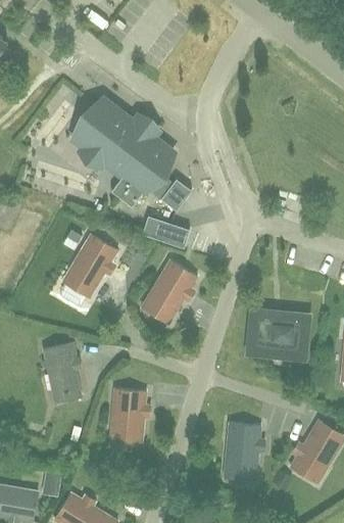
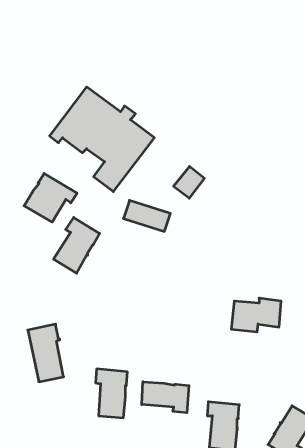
building: [159,179,191,211] -> [174,166,204,198]
building: none -> [24,173,77,222]
building: [149,259,196,317] -> none
building: none -> [142,382,189,413]

